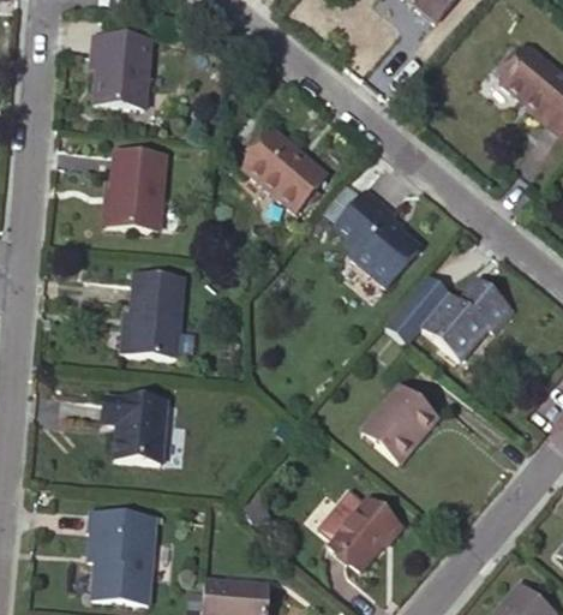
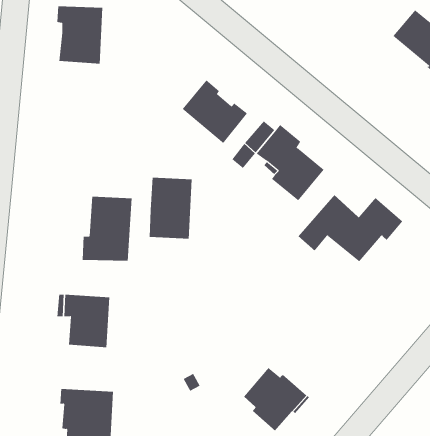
building: [106,150,160,227] -> [149,177,193,239]
building: [364,384,439,461] -> none

